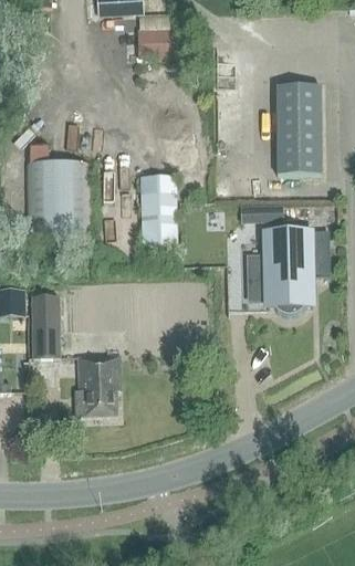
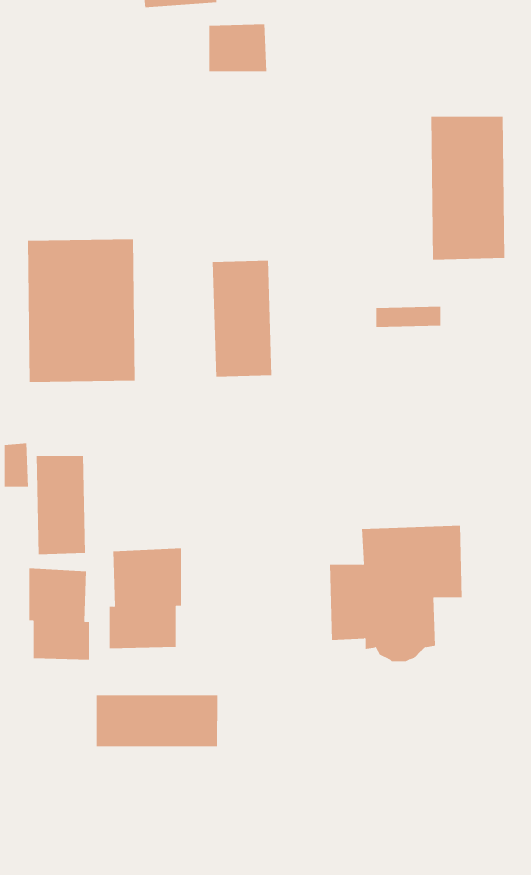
building: [246,228,328,313] -> [329,525,463,662]
building: none -> [29,568,89,660]
building: none -> [96,695,218,747]

